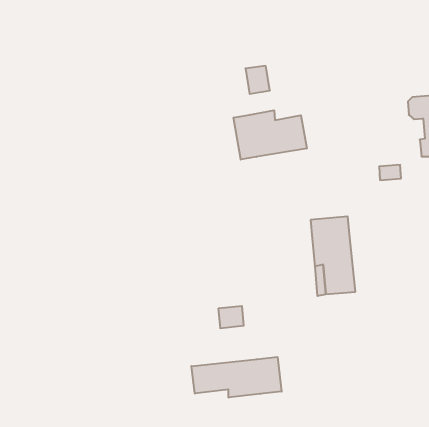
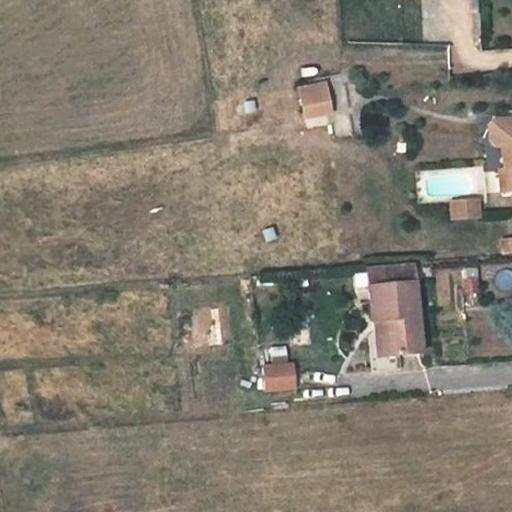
building: [233,110,307,160] -> none
building: [191,357,282,398] -> none

